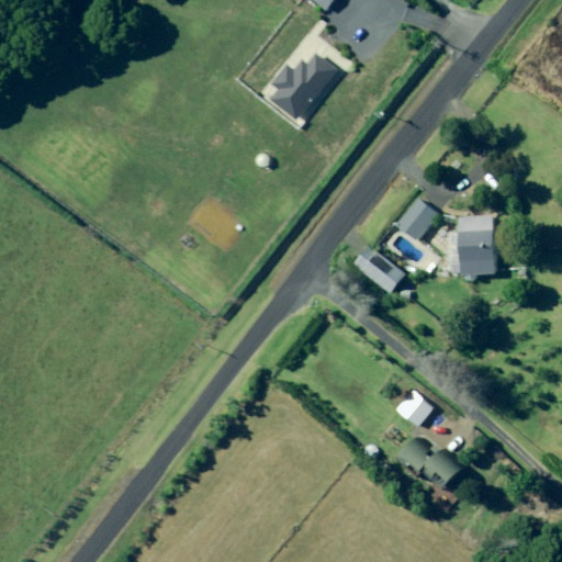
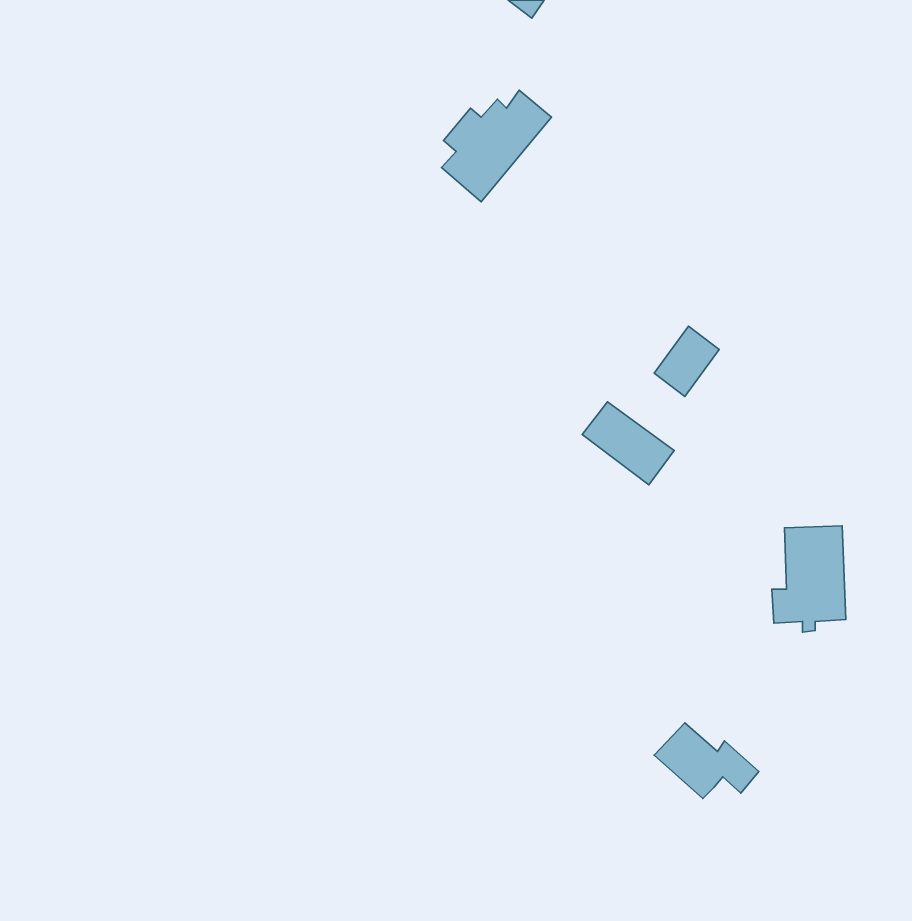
building: [451,217,496,282] -> [772,526,846,632]
building: [397,392,432,427] -> none

